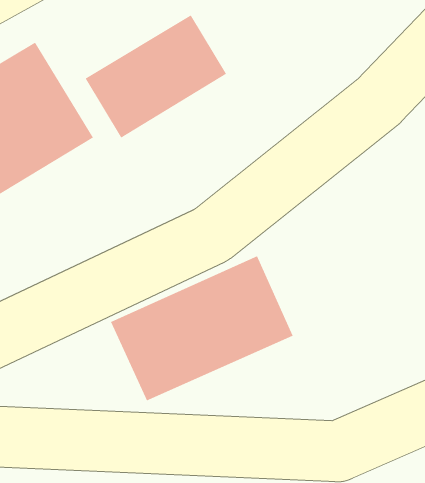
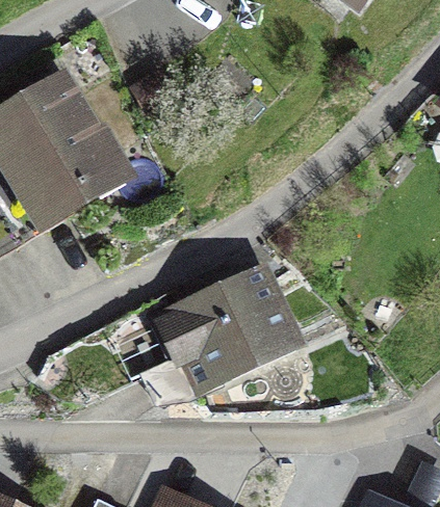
building: [85,14,227,139] -> none

